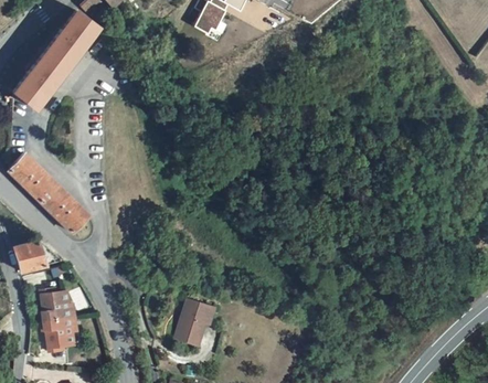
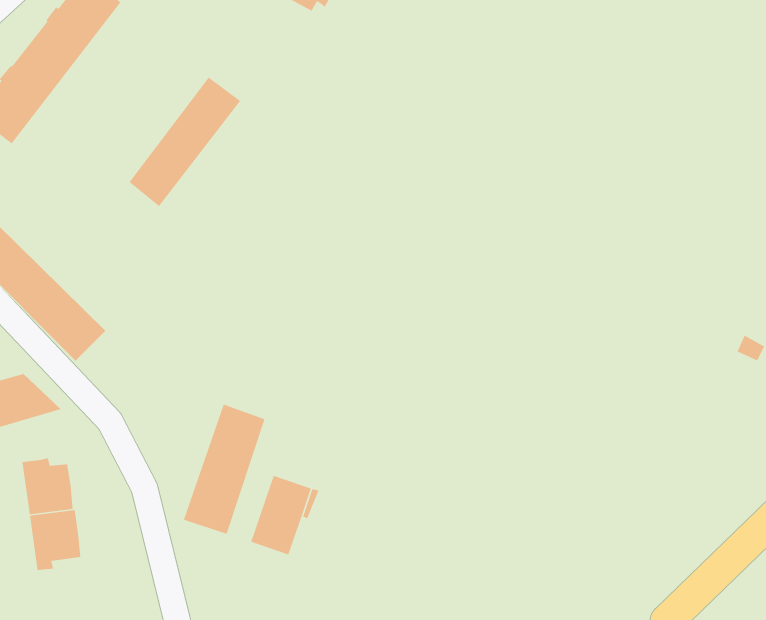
building: none -> [129,76,241,207]
building: none -> [183,403,265,535]

